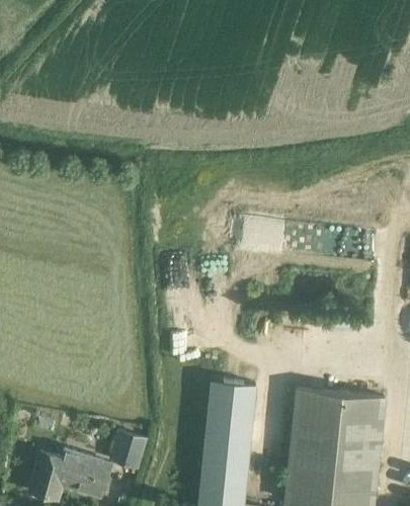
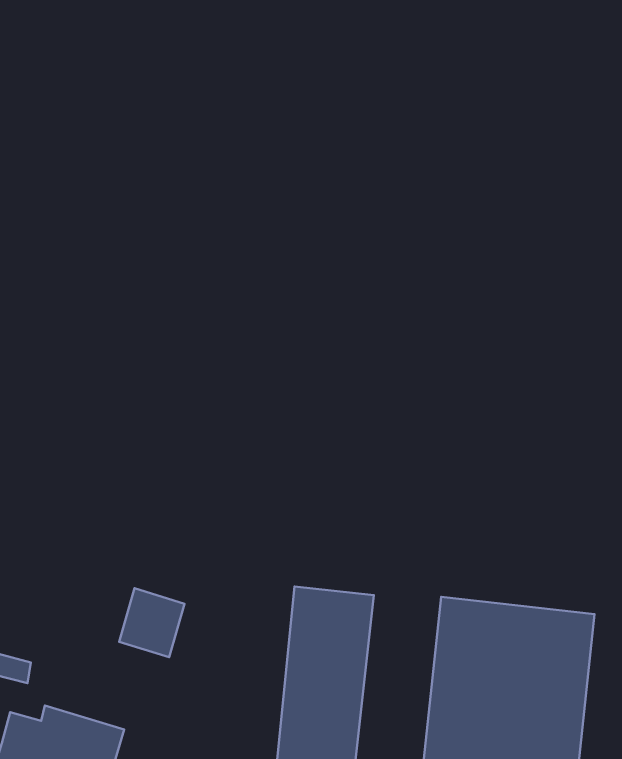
building: [107,430,146,471] -> [119,588,185,657]

